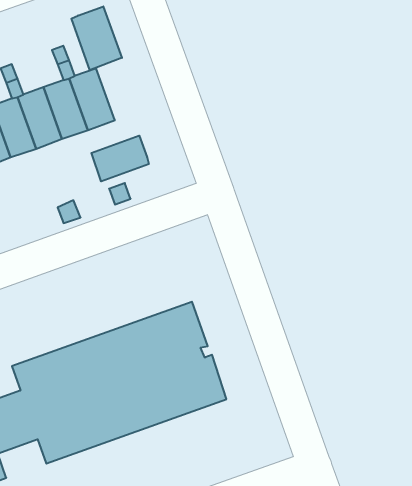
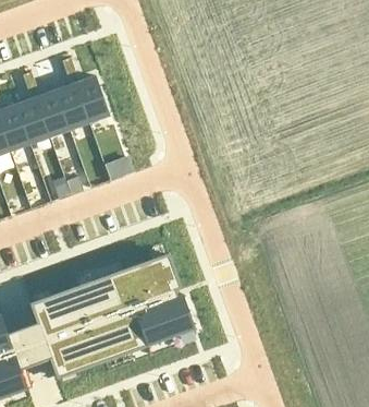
building: [71,6,122,70] -> none
building: [91,136,149,181] -> none

